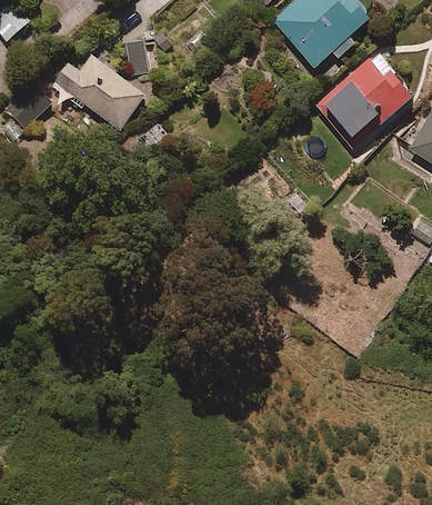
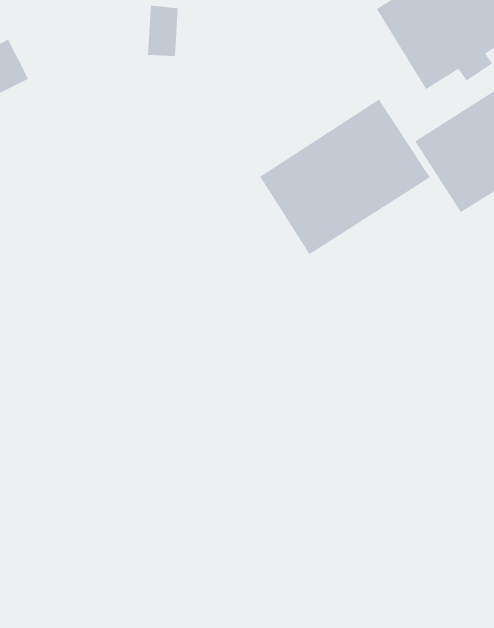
building: [51,53,147,130] -> none
building: none -> [259,98,431,255]

